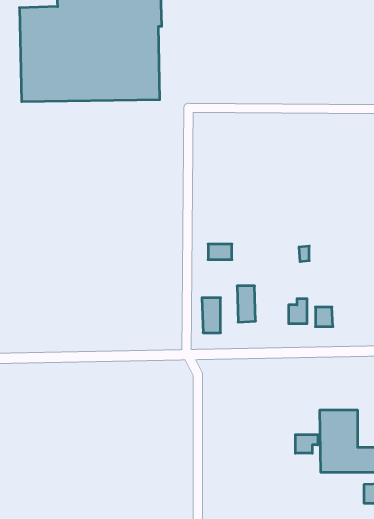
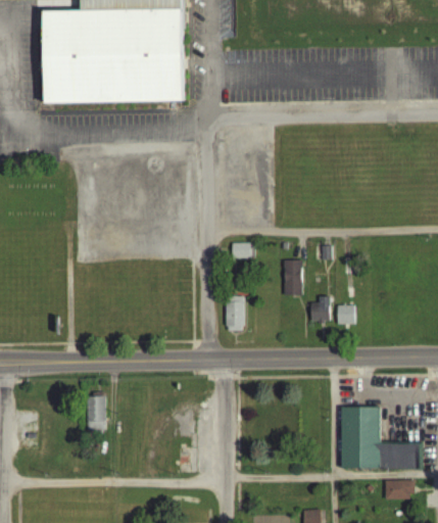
building: [237,286,256,322] -> [283,260,301,296]
building: none -> [87,393,105,430]
building: [295,435,318,453] -> none

